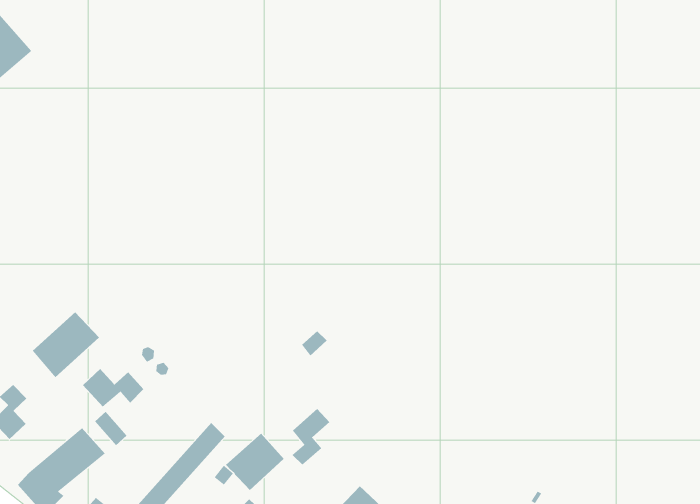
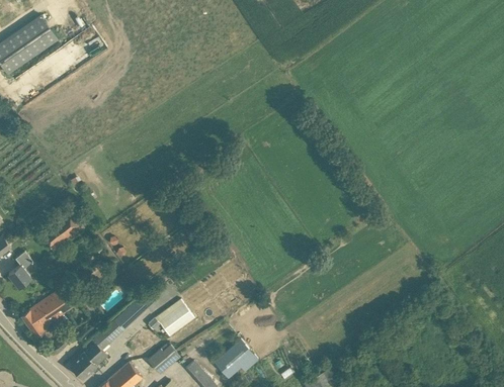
building: [82,368,144,408] -> none
building: [291,408,330,466] -> none

